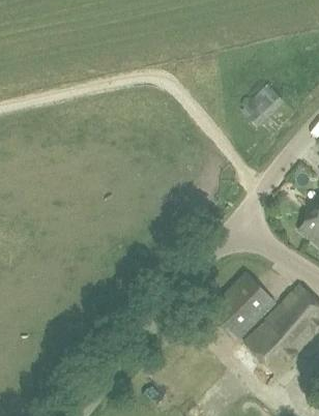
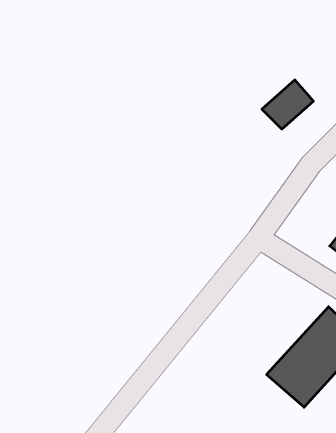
building: [210,272,276,337] -> none

